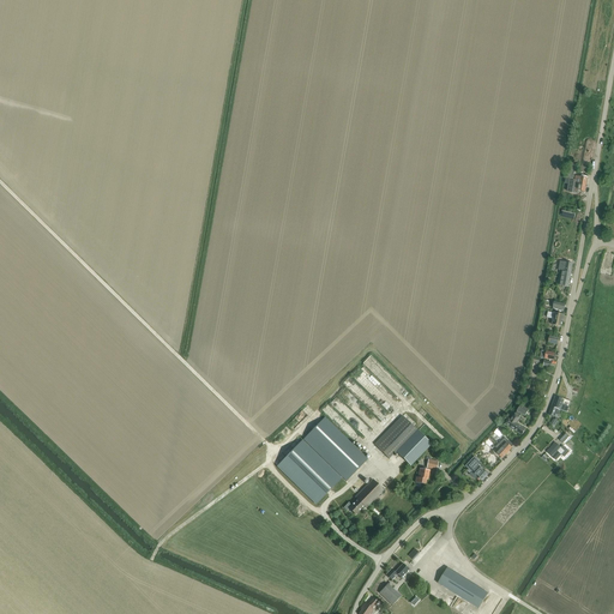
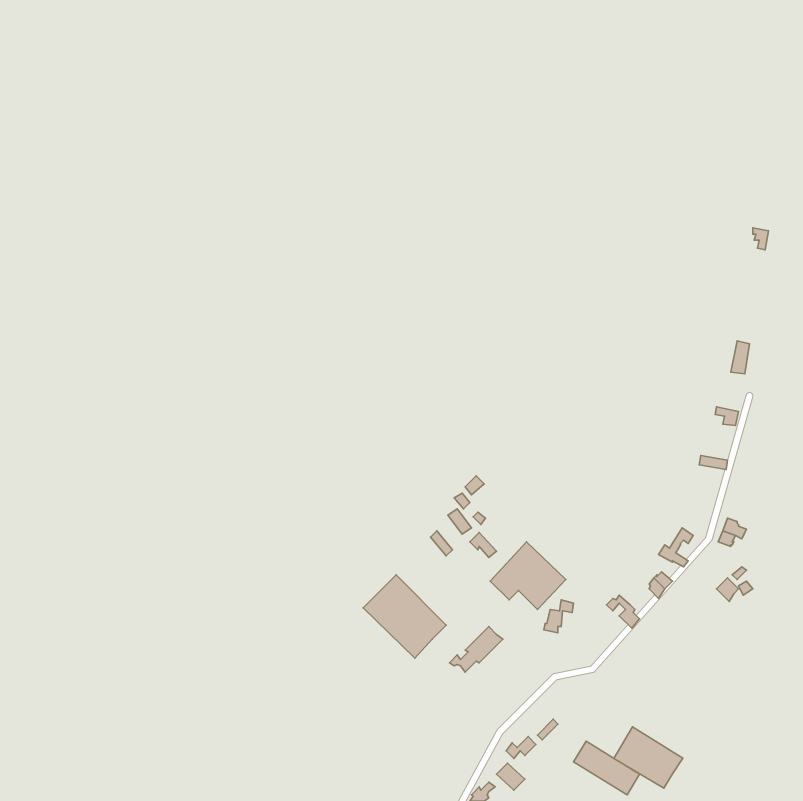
building: [303,416,367,480] -> none
building: none -> [614,727,683,788]

